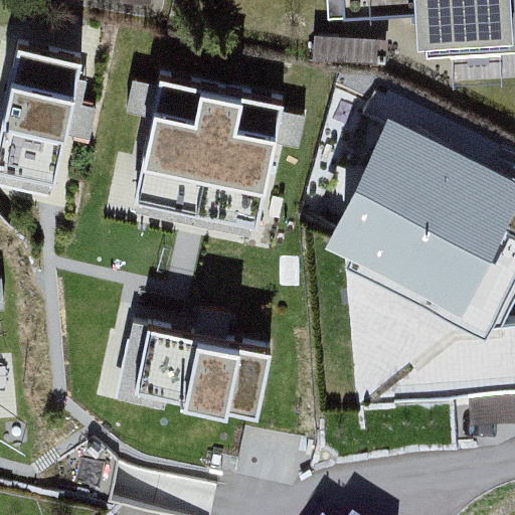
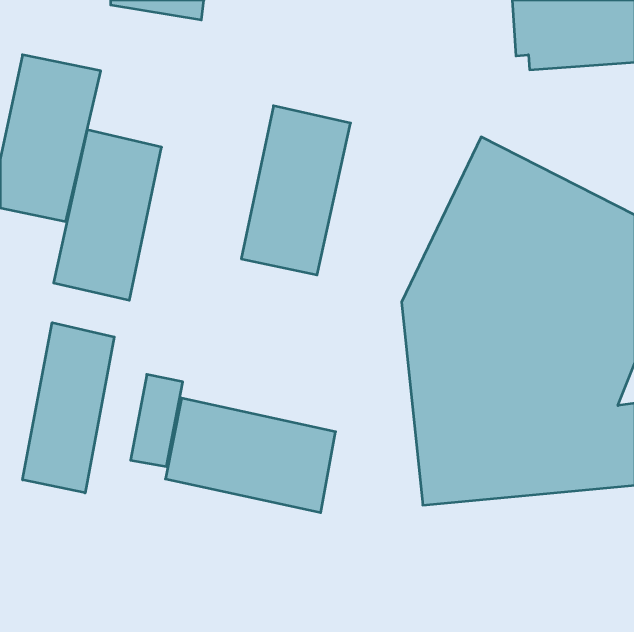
building: [135,74,222,212] -> [54,130,162,300]
building: none -> [23,323,114,493]

